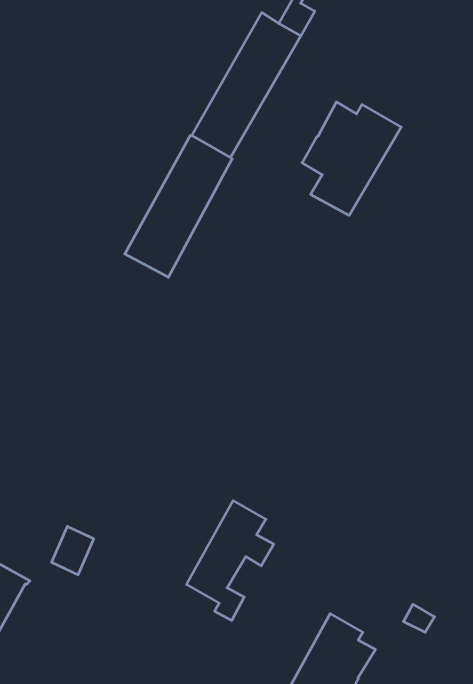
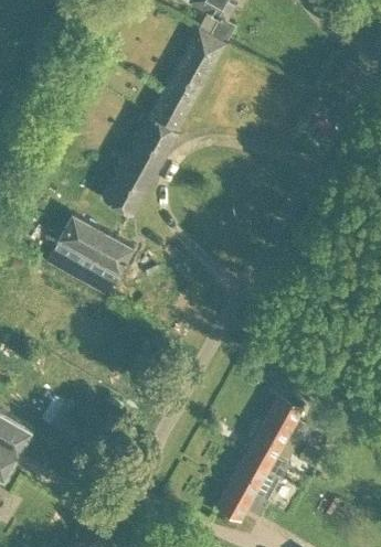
building: [302,102,401,215] -> none
building: none -> [44,214,133,297]
building: [187,501,274,620] -> [245,395,307,480]

